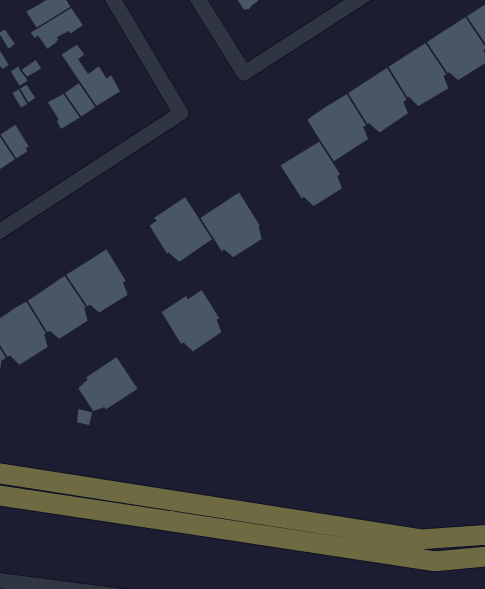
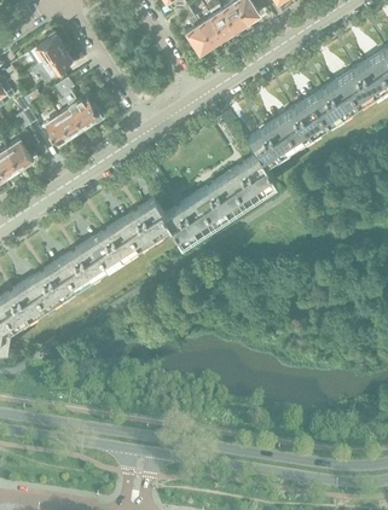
building: none -> [195,173,244,226]
building: [160,289,222,352] -> [91,220,139,270]
building: [77,356,139,412] -> none

